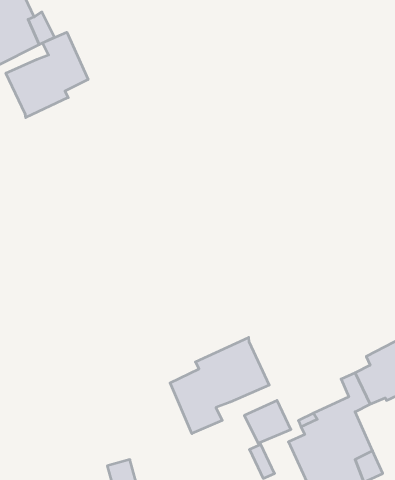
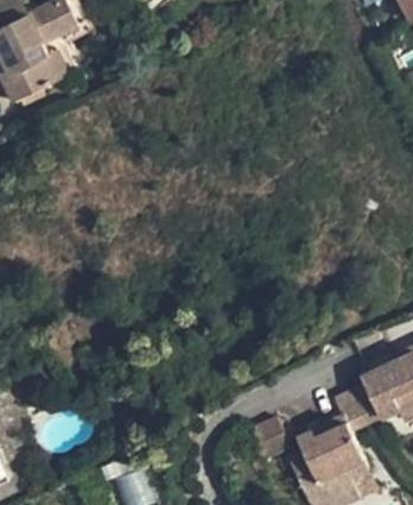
building: [6,32,88,118] -> none
building: [170,337,269,434] -> none

